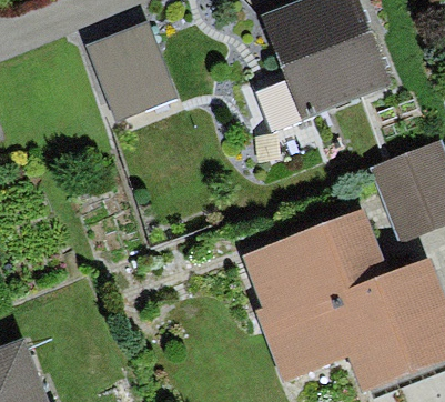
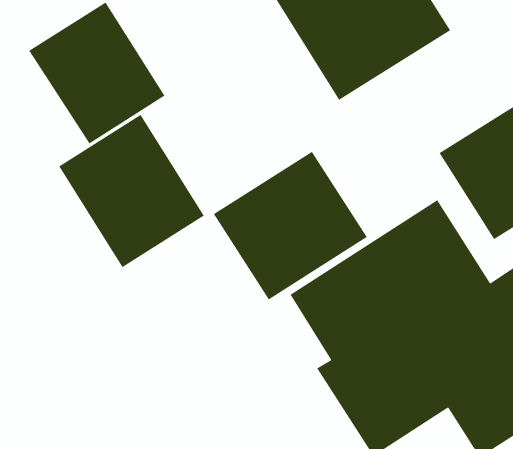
building: none -> [58,114,205,268]
building: none -> [213,151,368,300]

